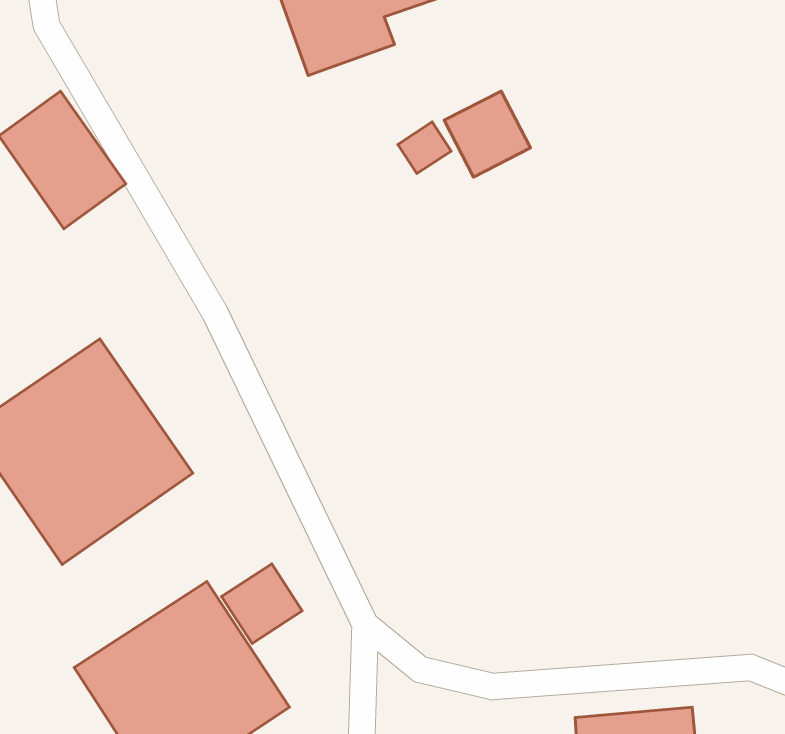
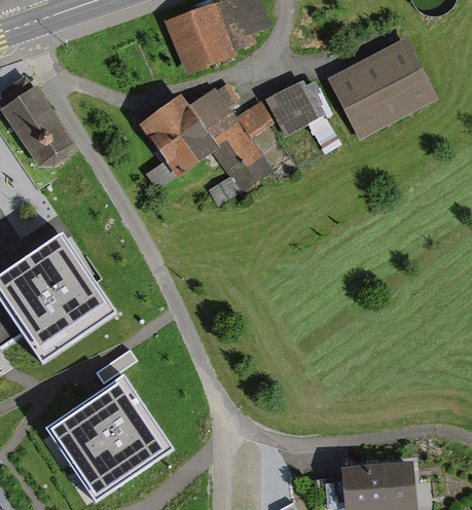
building: none -> [328,37,438,139]
building: none -> [141,89,267,190]
building: [222,564,302,643] -> none

